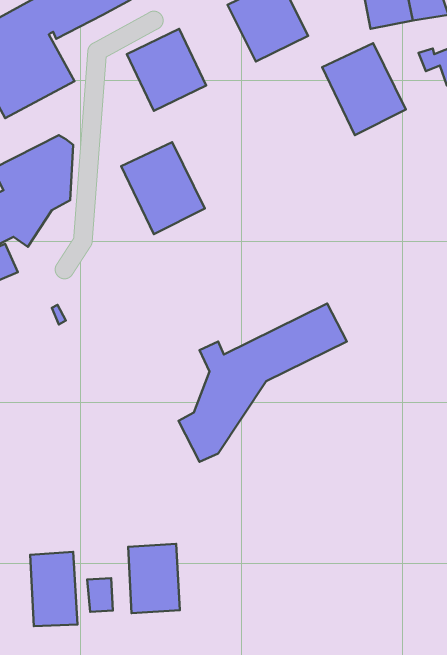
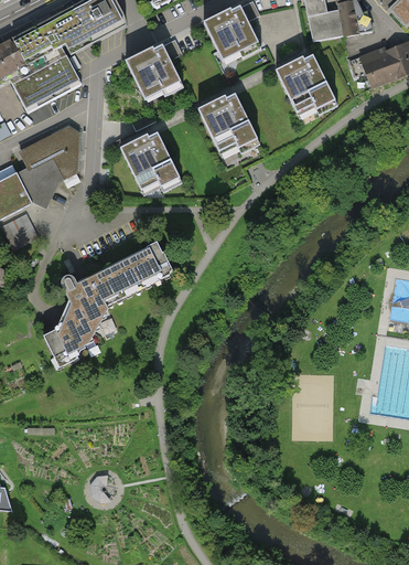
building: none -> [196,90,262,162]
building: [178,303,347,462] -> [43,244,174,367]
building: [128,544,180,613] -> none
building: [30,552,78,626] -> none

